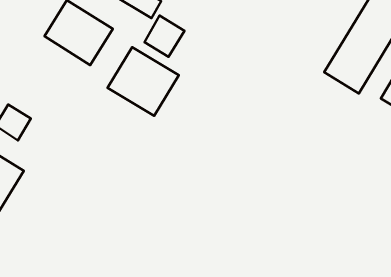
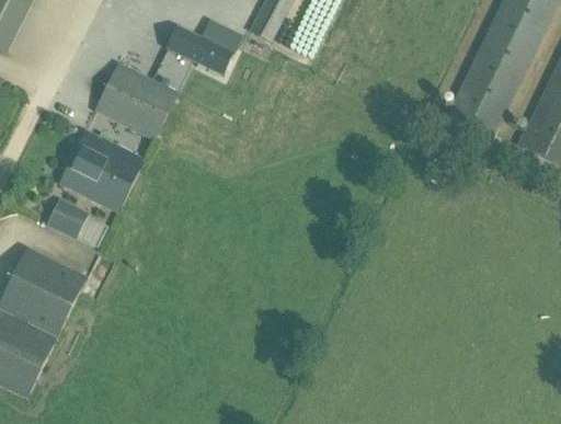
building: [144,15,184,57] -> none
building: [107,47,179,116] -> [60,129,146,210]

